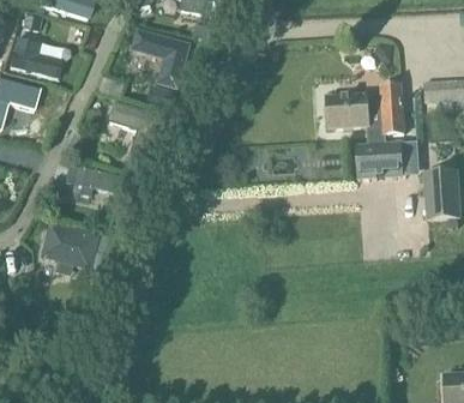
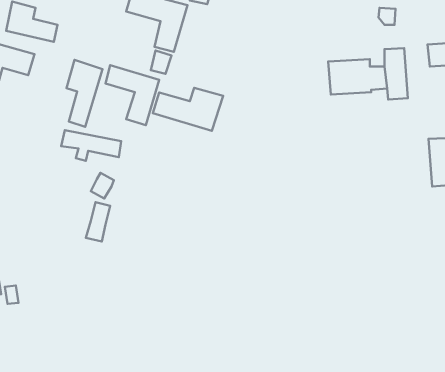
building: none -> [67,60,103,127]
building: none -> [153,88,223,131]
building: [357,124,403,178] -> none
building: [42,222,97,267] -> none

